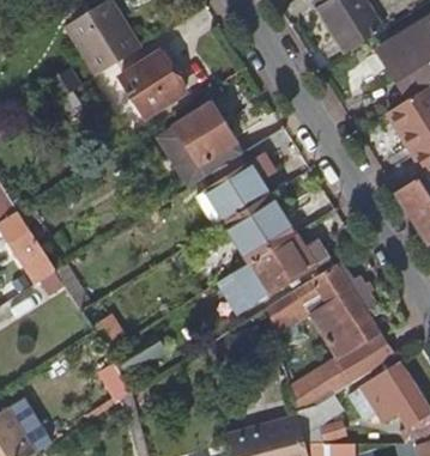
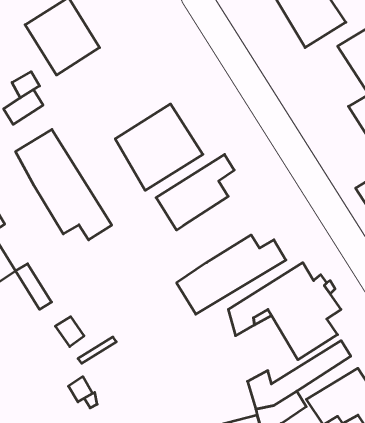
building: [123,54,184,116] -> none
building: none -> [16,129,112,240]
building: [224,197,291,263] -> none

